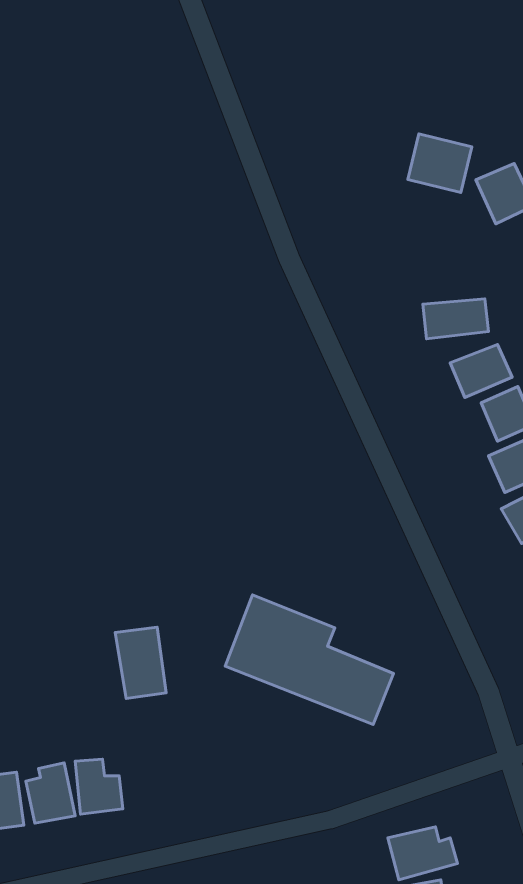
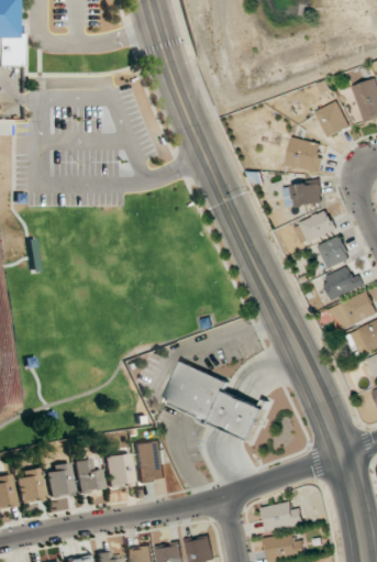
building: [408,134,472,192] -> [286,136,324,172]
building: [115,627,166,698] -> [134,440,165,483]
building: none -> [106,453,132,485]

